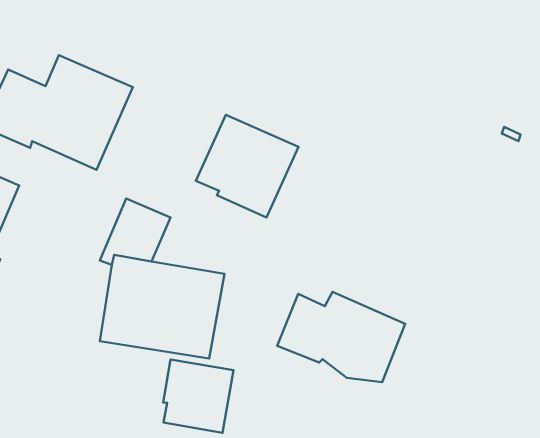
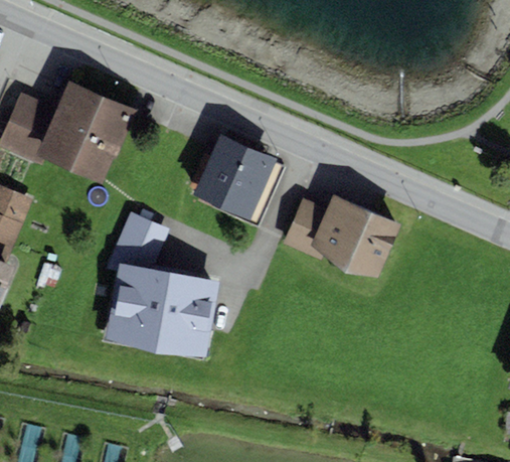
building: [277,292,405,382] -> [283,194,399,277]
building: [163,360,234,433] -> none

